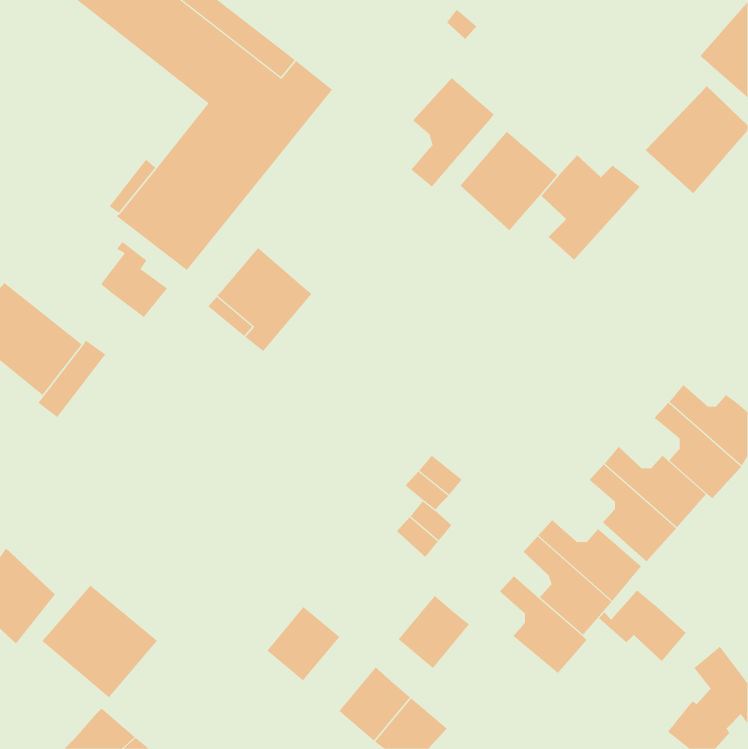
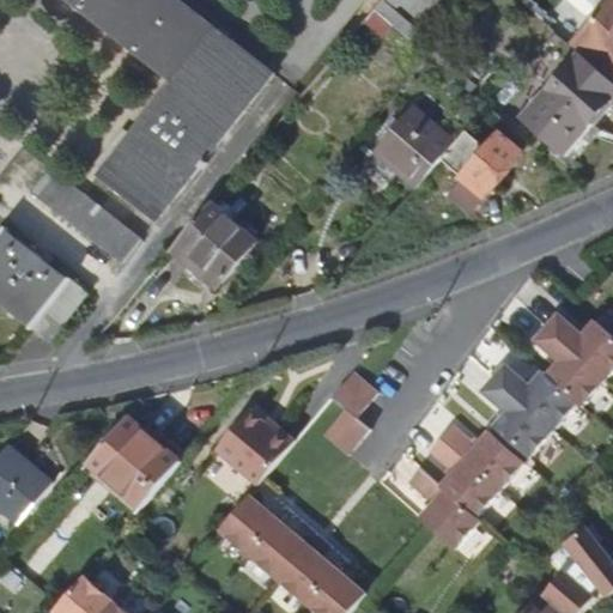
building: [410,77,495,188] -> none
building: none -> [28,165,101,231]
building: none -> [213,408,293,484]
building: [42,585,158,698] -> [85,415,180,508]
building: [598,589,686,662] -> none
building: [398,595,470,669] -> [247,518,305,578]

